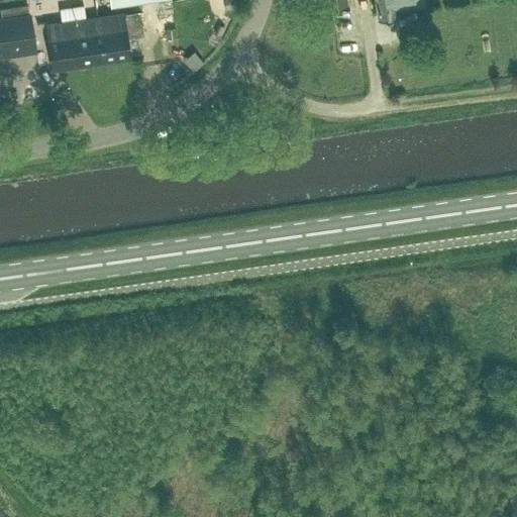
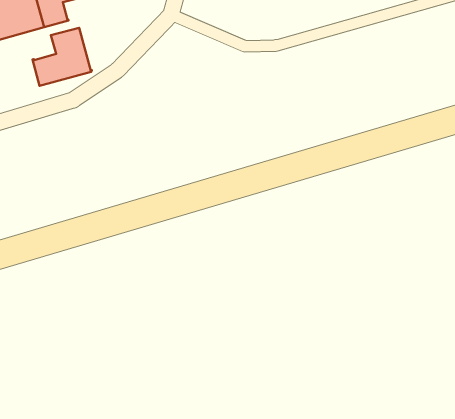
building: none -> [33,28,92,86]

